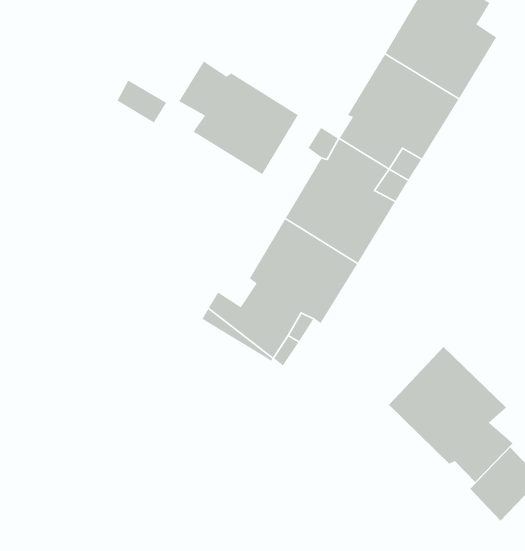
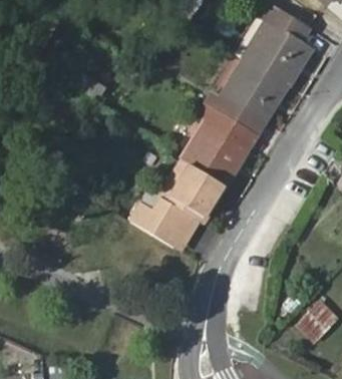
building: [178,60,299,175] -> none
building: [388,346,513,483] -> none

